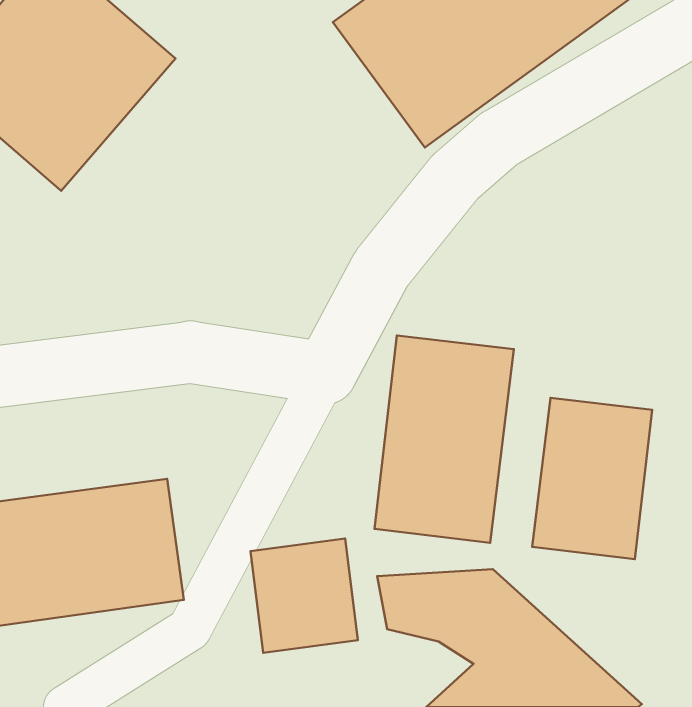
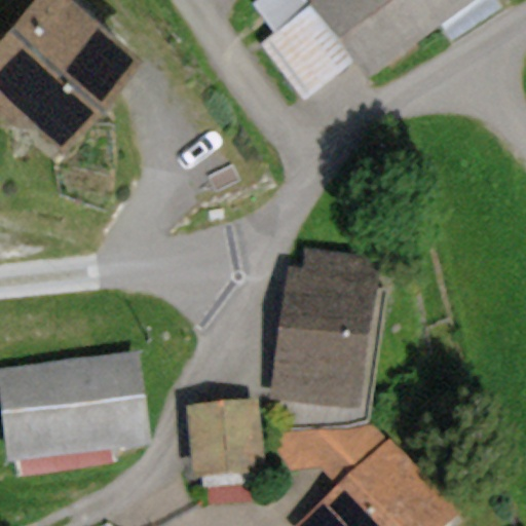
building: [532,398,652,559] -> none

